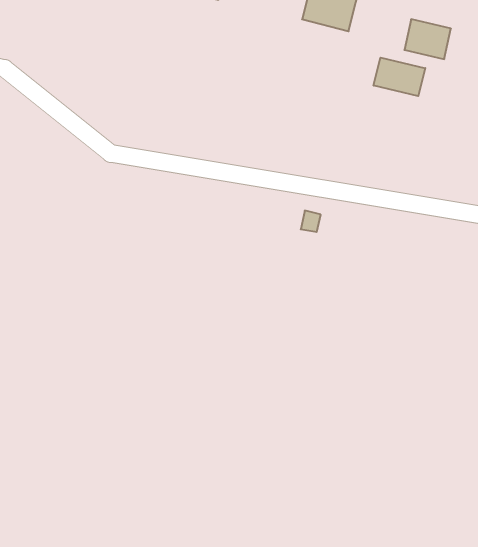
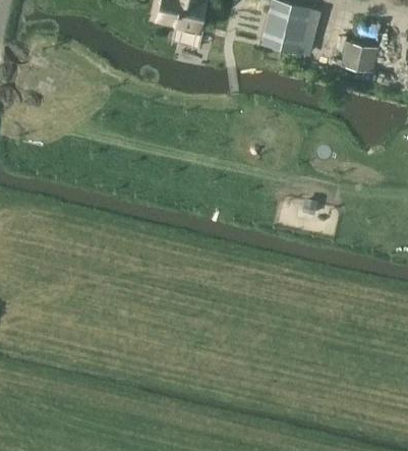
building: [374,58,425,96] -> none

